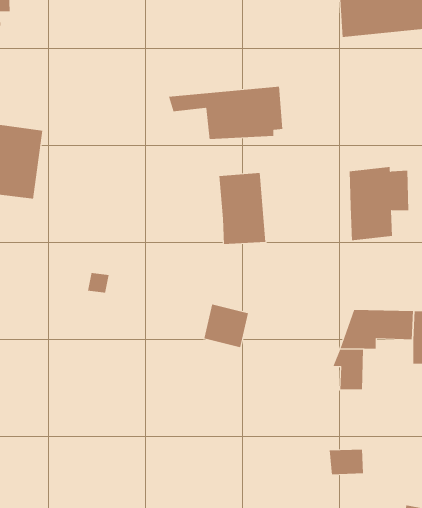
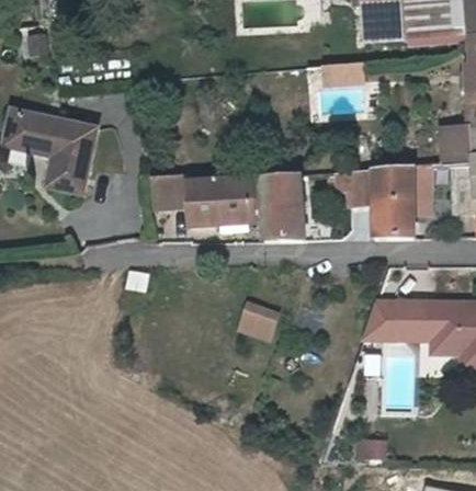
building: [168,86,283,140] -> [145,174,253,225]
building: none -> [337,170,374,204]

